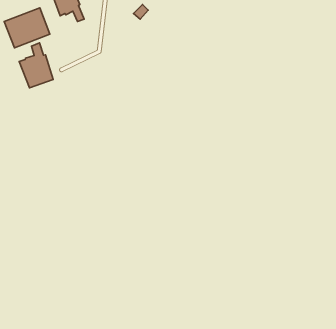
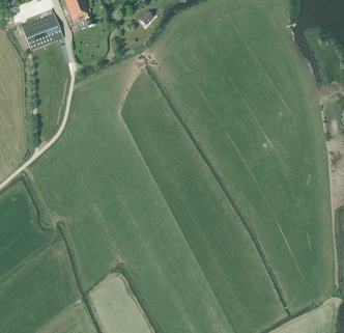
building: [19,43,53,88] -> none

